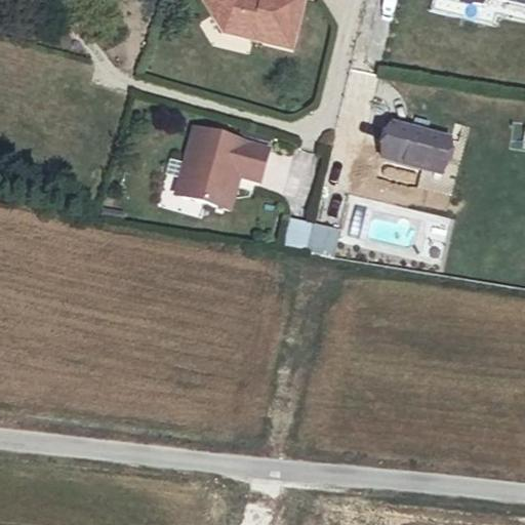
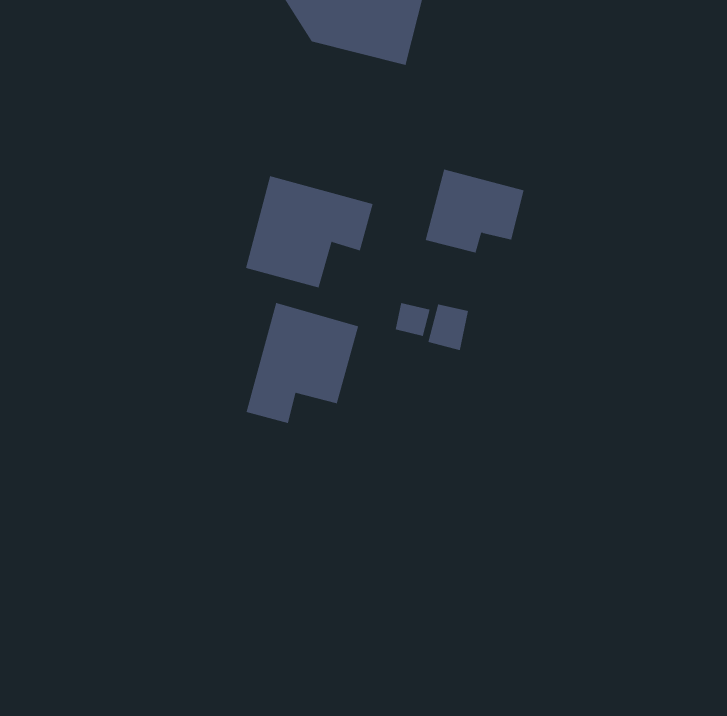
building: [378,118,450,178] -> [425,169,525,253]
building: none -> [246,302,359,424]

